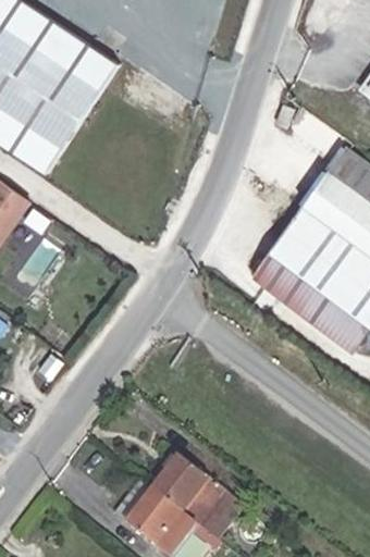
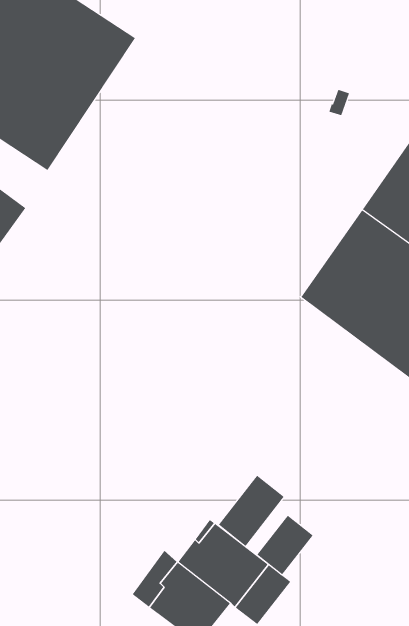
building: none -> [218,475,285,547]
building: none -> [257,515,313,575]

